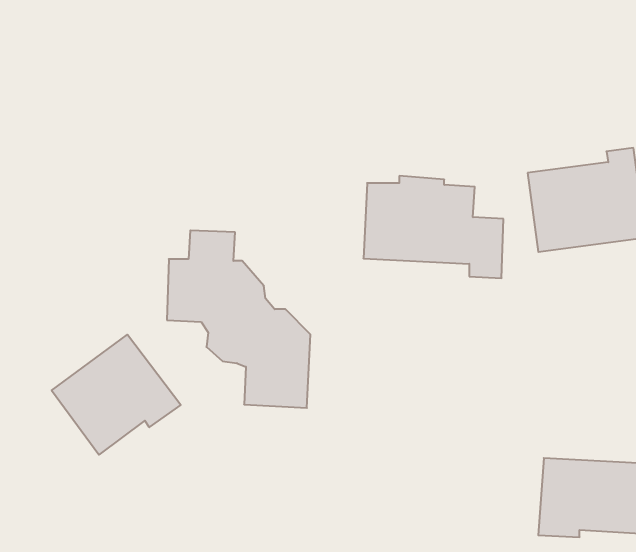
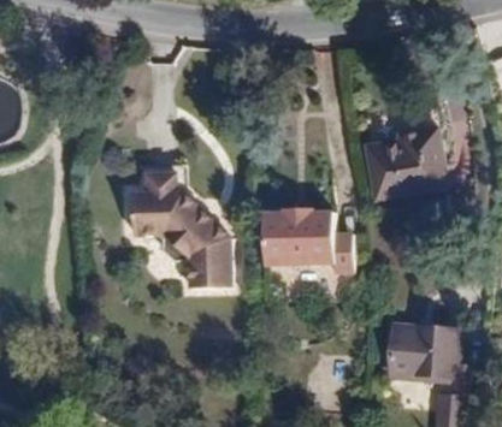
building: [363,176,503,278] -> [260,206,354,274]
building: [52,335,181,455] -> none

